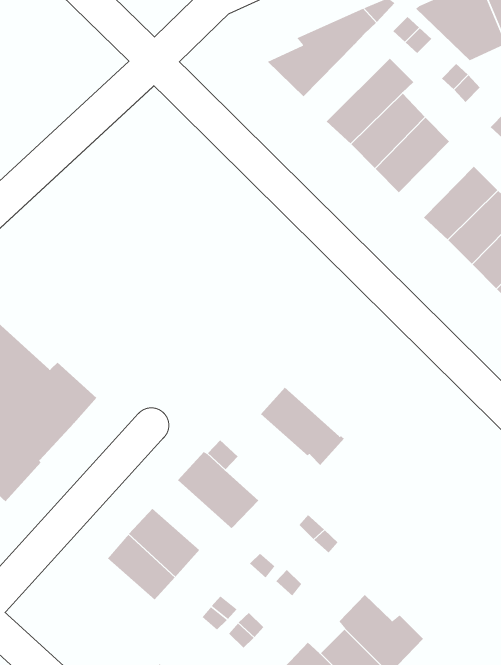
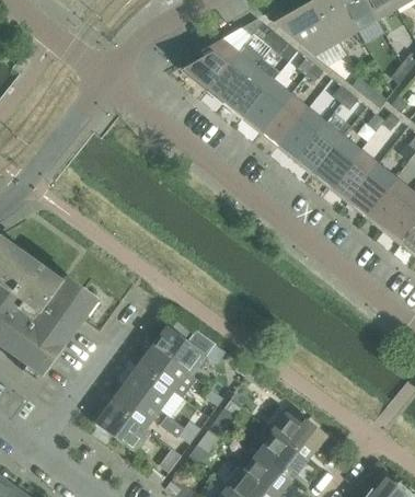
building: none -> [208,43,262,103]
building: none -> [277,107,324,159]
building: [260,387,345,466] -> [138,347,195,396]
building: none -> [96,403,151,452]

